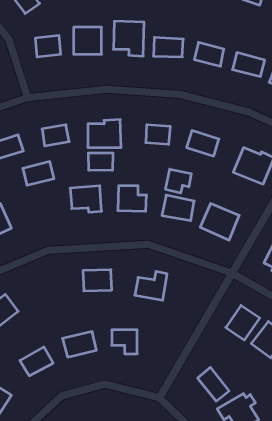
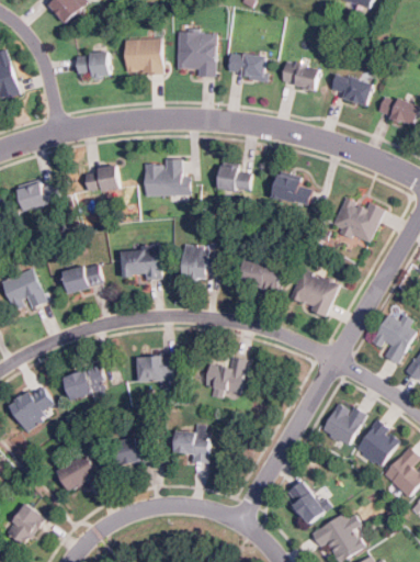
building: [88,153,113,170] -> none
building: [23,162,54,185] -> [63,261,103,292]
building: [166,169,191,193] -> none
building: none -> [64,366,105,397]

